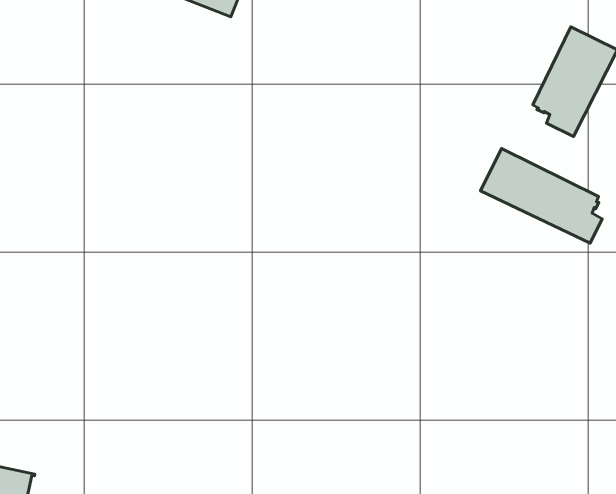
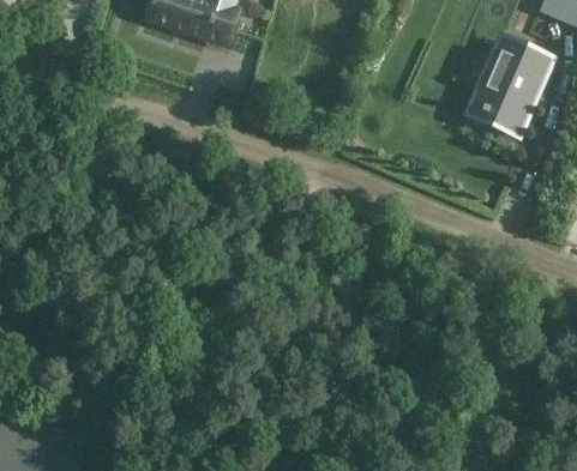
building: [481,148,602,243] -> none

